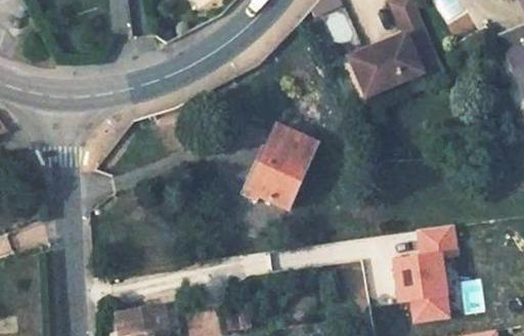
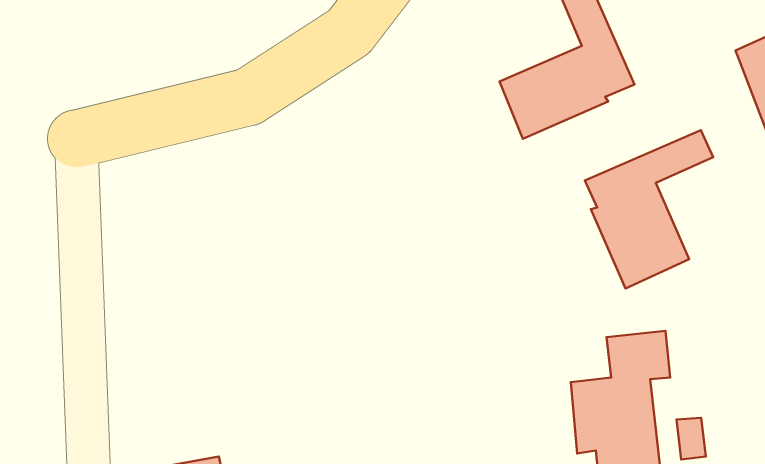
building: none -> [585,130,713,289]
building: [246,128,315,211] -> none

